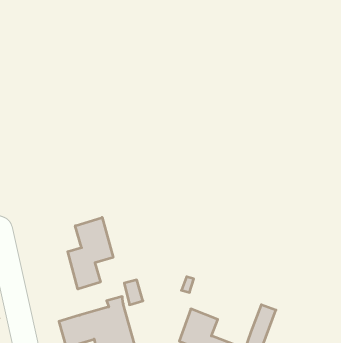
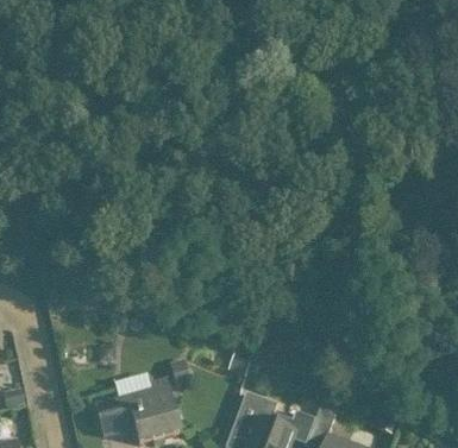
building: [68,217,113,289] -> none

